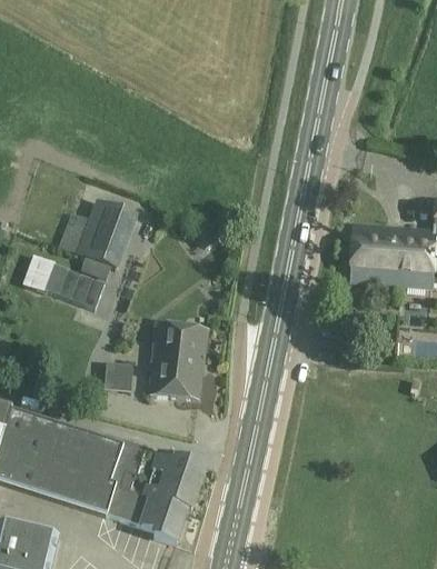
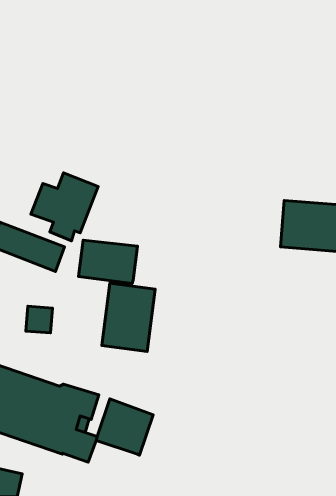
building: none -> [79,240,137,283]
building: [103,359,133,389] -> [26,306,53,333]
building: [131,498,187,545] -> none

